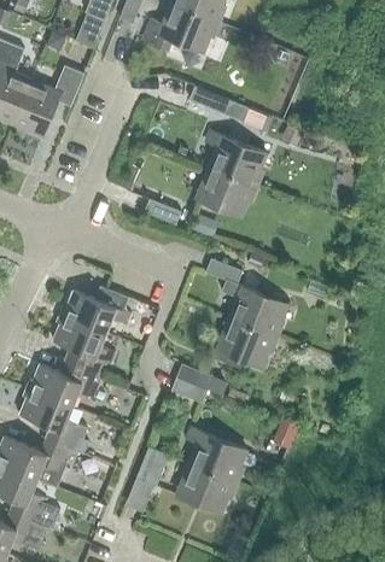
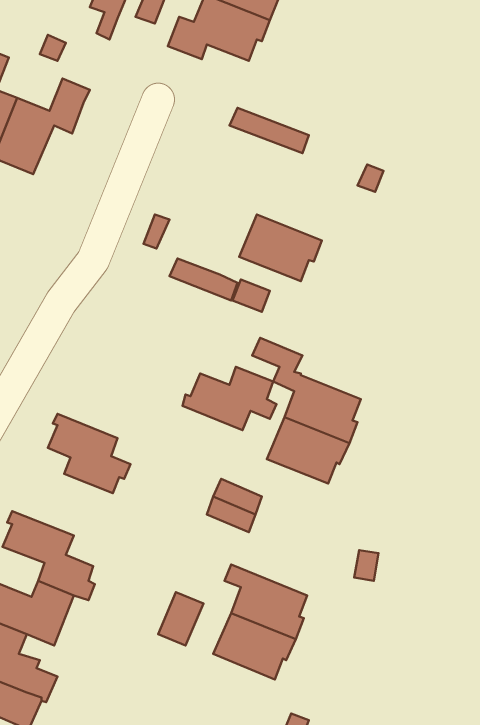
building: [205,130,267,186] -> none
building: [60,286,130,333] -> [182,367,276,430]
building: [27,359,101,405] -> none

